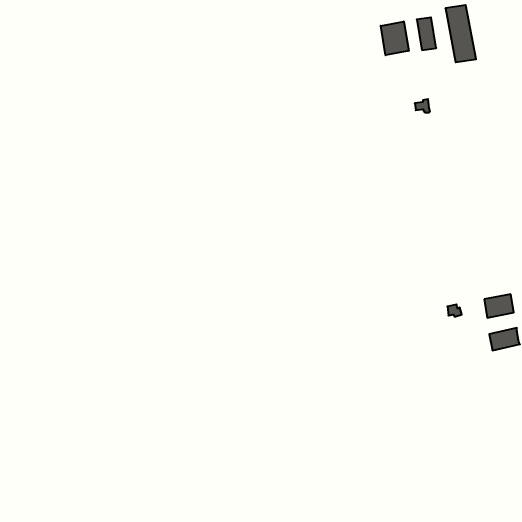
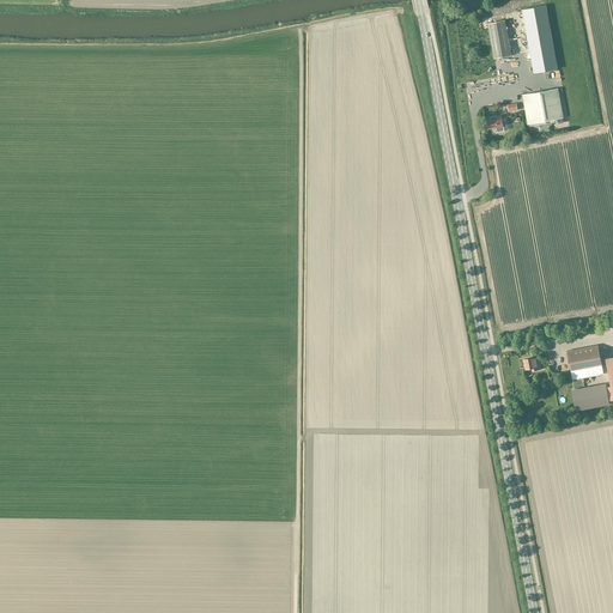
building: [381,21,409,55] -> none
building: none -> [522,89,563,125]

